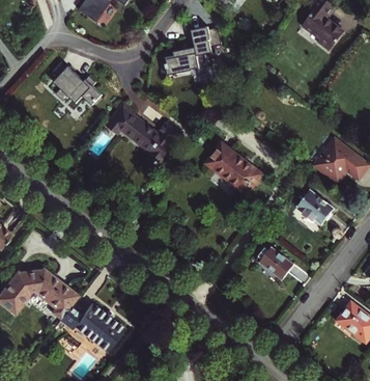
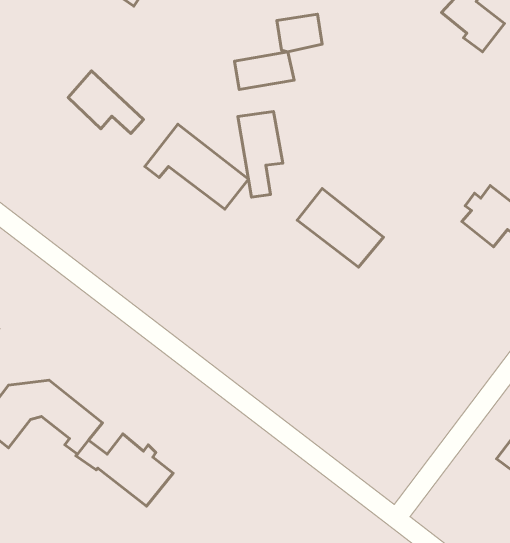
building: none -> [238,112,283,197]
building: [297,189,334,224] -> none
building: [258,247,293,280] -> none

